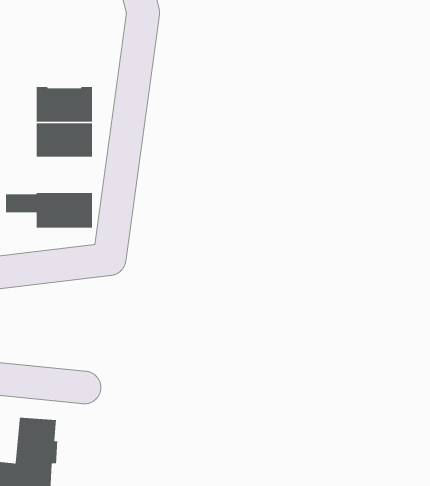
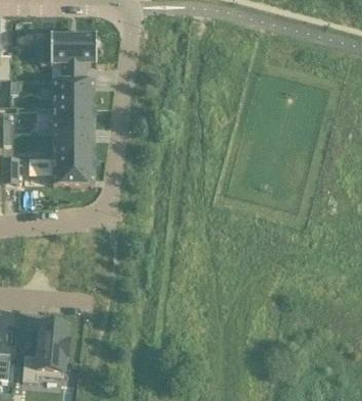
building: none -> [40,31,96,79]
building: none -> [52,130,94,155]

